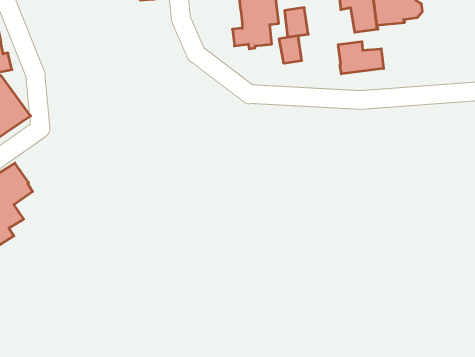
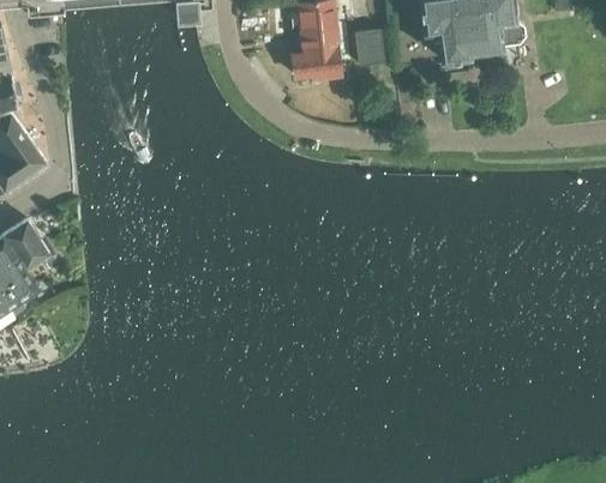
building: [279,36,302,63] -> none
building: [338,42,384,74] -> none

